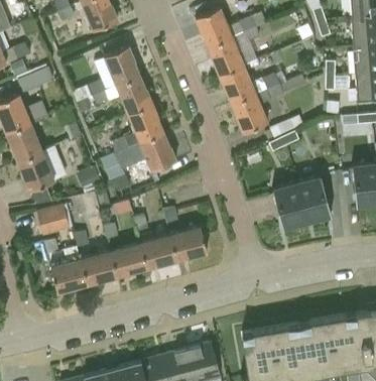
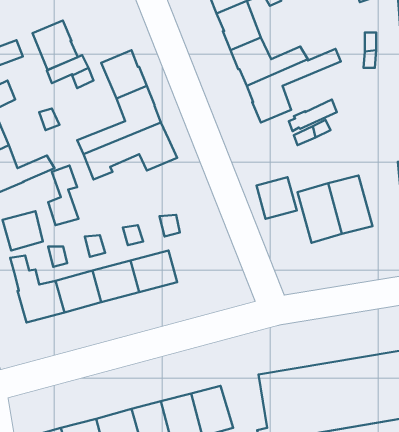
building: [104,46,140,86] -> [32,20,78,70]
building: none -> [256,177,297,219]
building: [169,227,208,260] -> none

